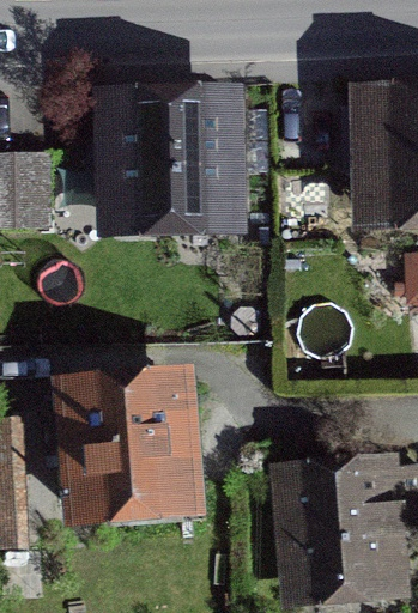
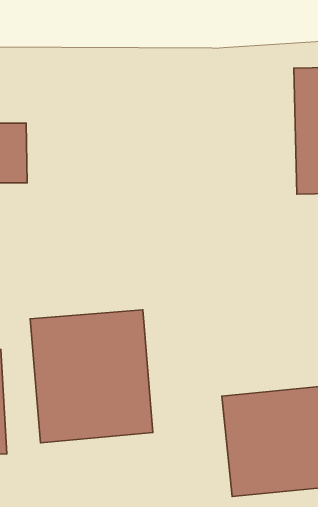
building: [86,102,229,221] -> none

